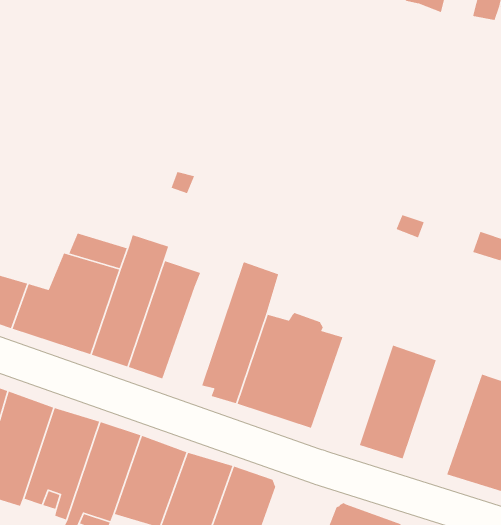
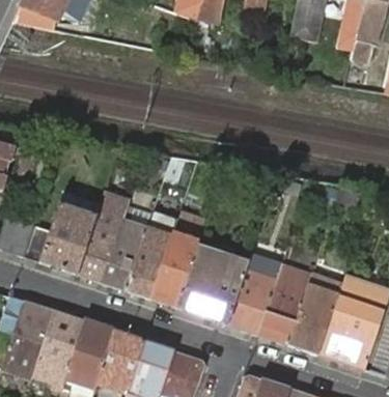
building: none -> [127,209,180,299]
building: none -> [227,256,282,335]
building: none -> [289,277,342,355]

